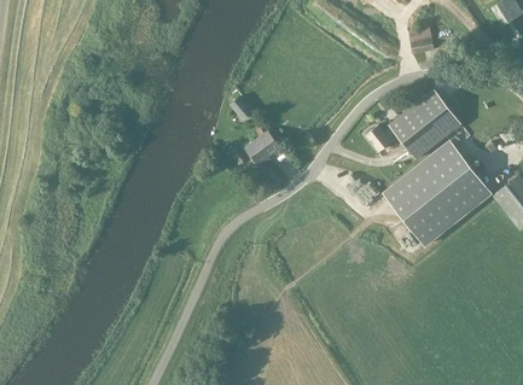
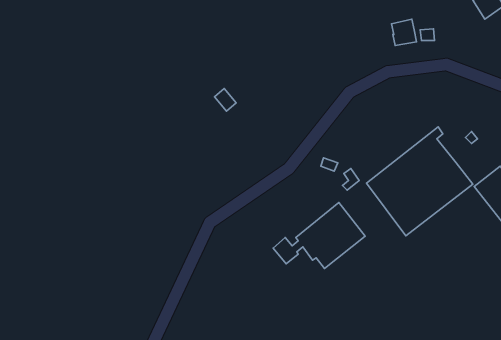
building: [367,89,460,156] -> [273,203,365,268]
building: [246,128,281,163] -> none

